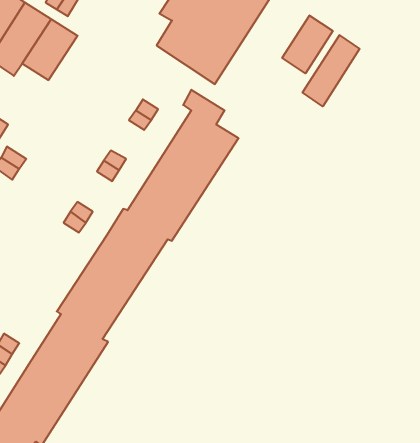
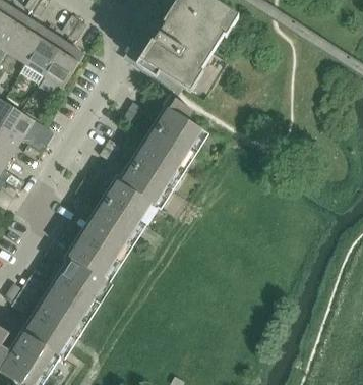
building: [282,15,333,73] -> none
building: [303,35,360,106] -> none

